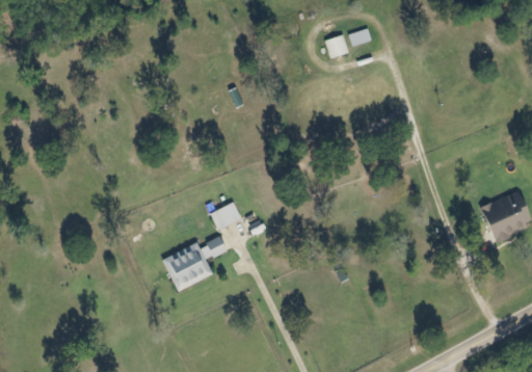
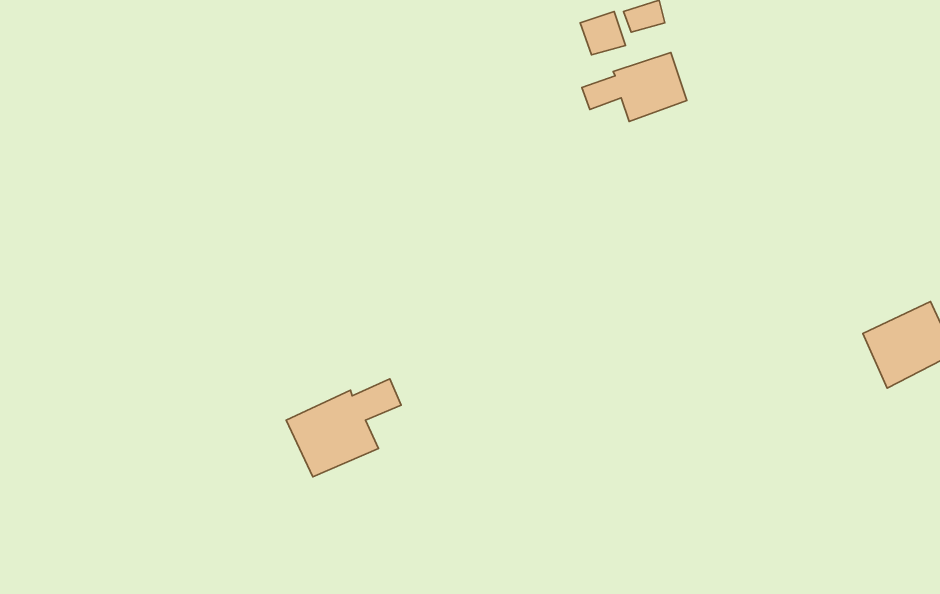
building: none -> [582,53,687,122]
building: [210,201,242,229] -> none

